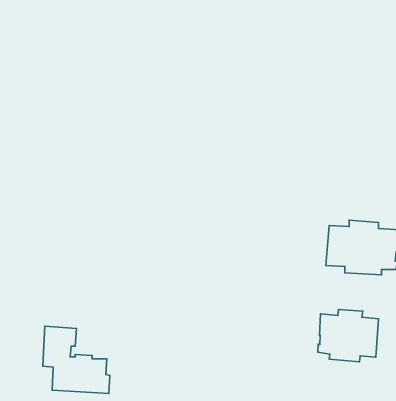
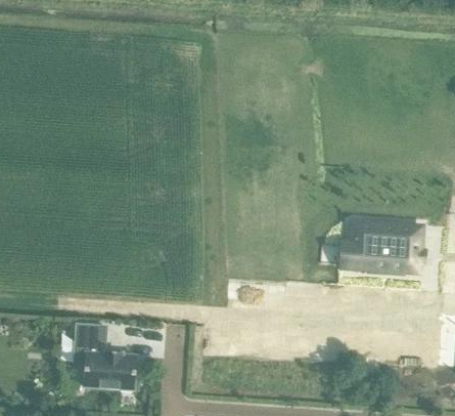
building: [318,310,378,362] -> none

